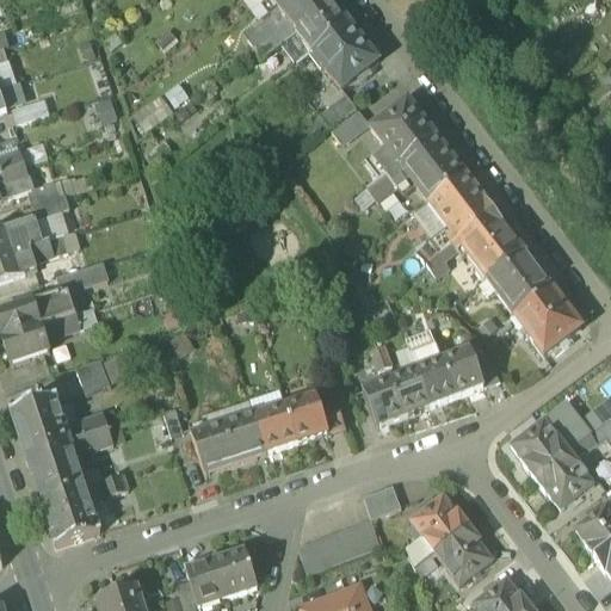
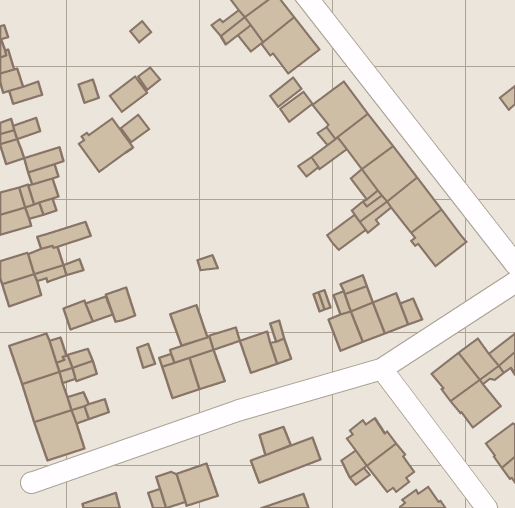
building: none -> [79,119,133,172]
building: none -> [327,215,366,250]
building: [511,286,581,352] -> none
building: none -> [106,287,135,322]
building: [362,378,403,426] -> none
building: [253,403,297,451] -> [170,305,208,345]
building: [363,485,400,518] -> [259,427,291,455]

